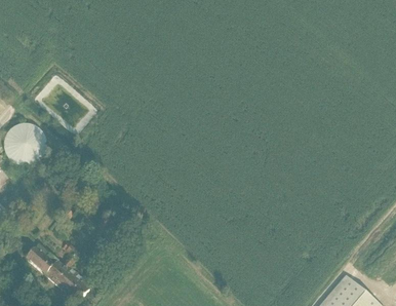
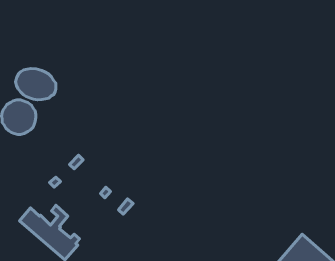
building: none -> [15,69,56,100]

